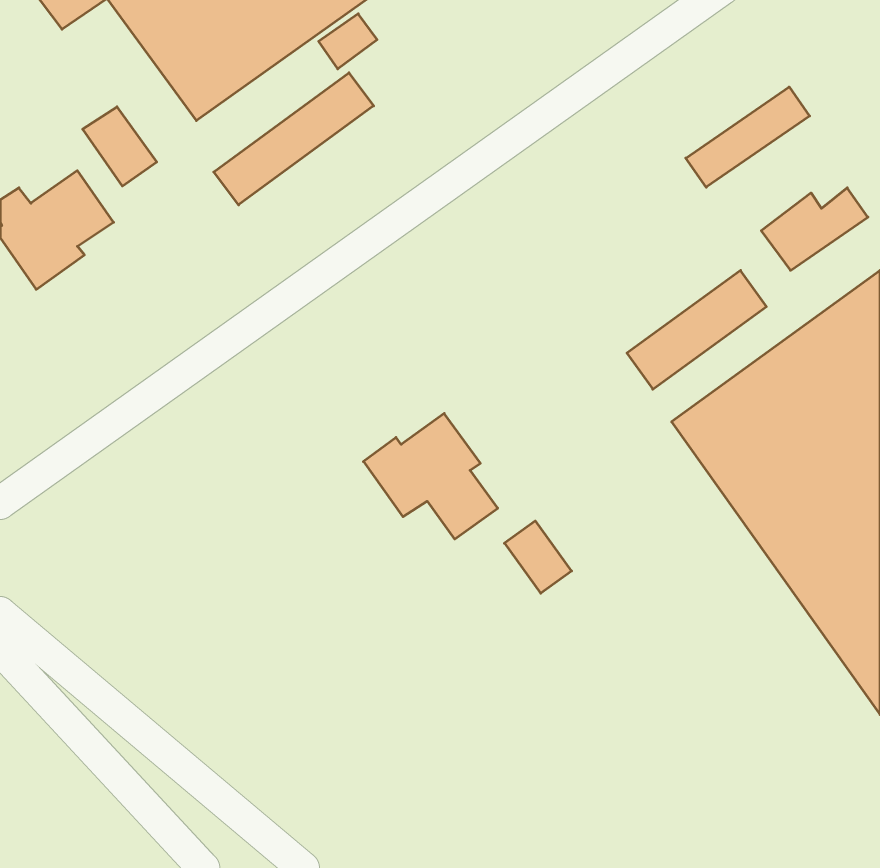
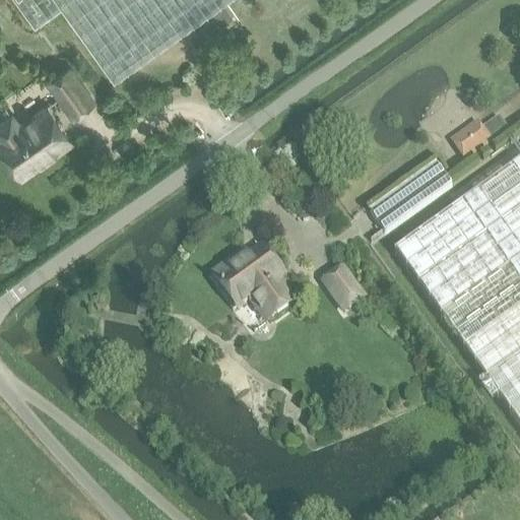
building: [214,73,374,205] -> none
building: [686,87,810,187] -> none
building: [504,521,572,593] -> [323,265,363,308]

